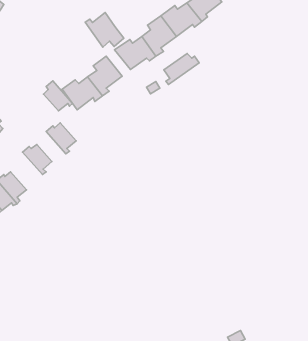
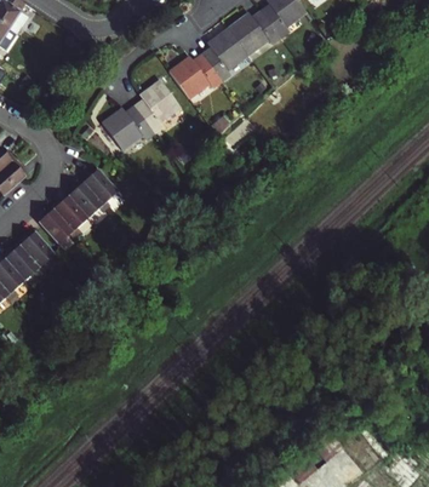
building: [85,13,124,47] -> none
building: [164,54,199,85] -> none
building: [43,81,72,111] -> [68,179,105,218]
building: none -> [38,206,75,245]

